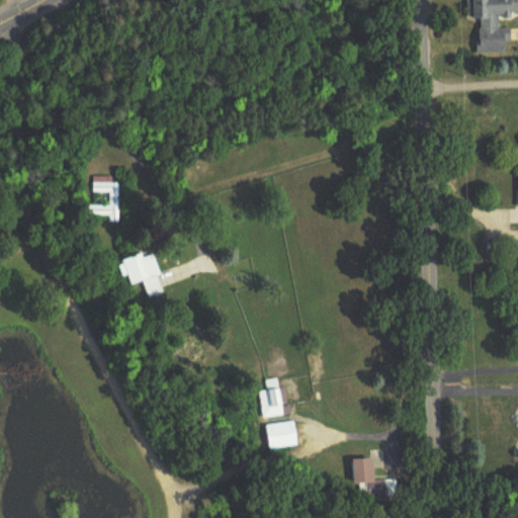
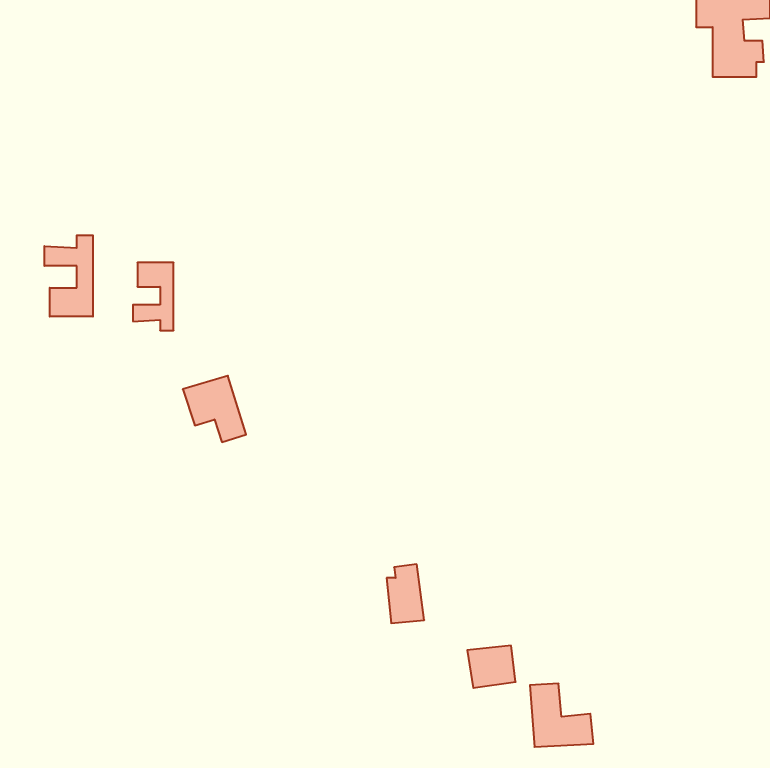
building: none -> [44,235,93,317]
building: [266,421,298,449] -> [467,646,516,688]

